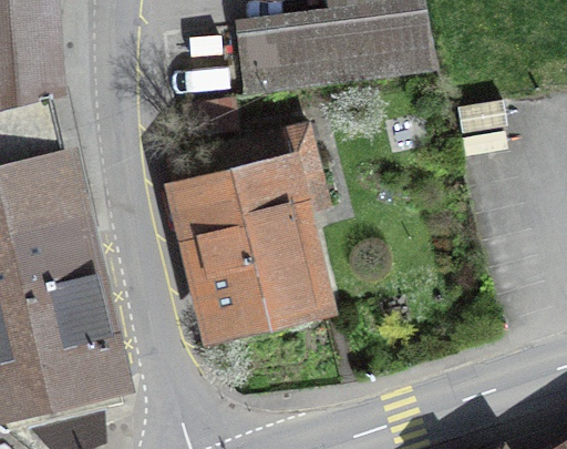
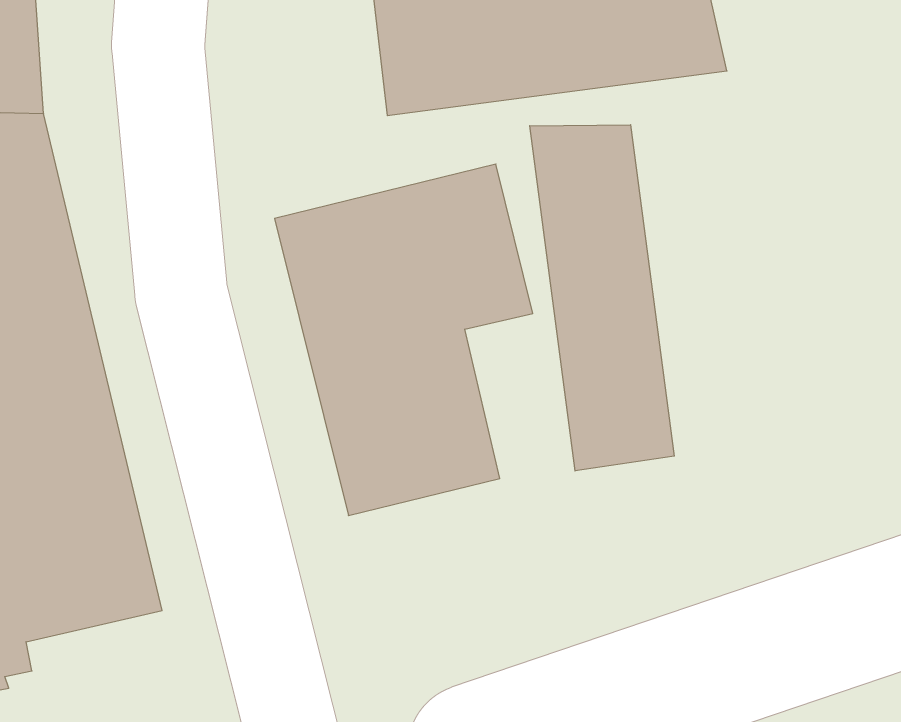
building: none -> [530,125,674,471]

